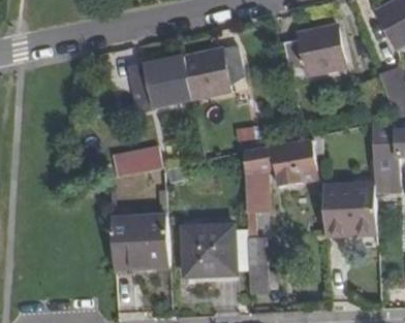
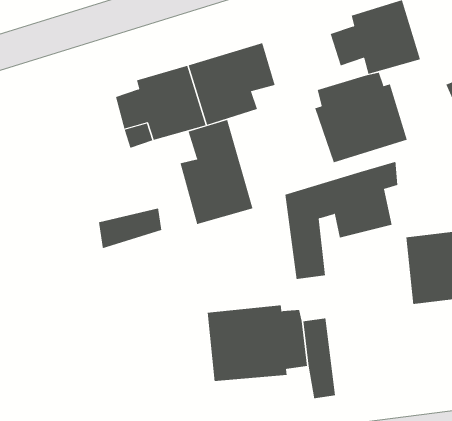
building: none -> [315,72,408,163]
building: none -> [180,119,253,225]
building: [112,218,169,268] -> none

